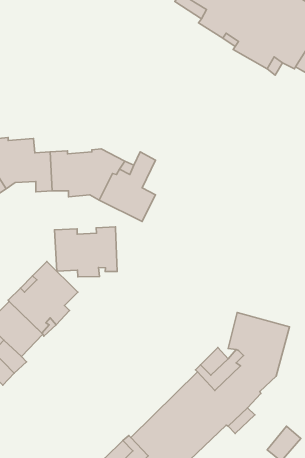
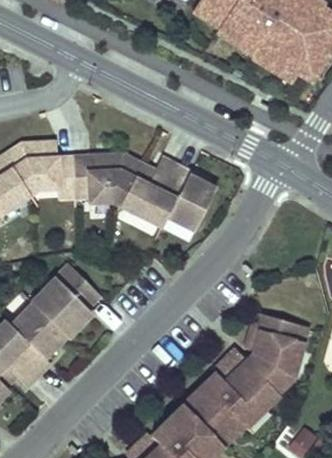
building: none -> [163,165,216,229]
building: [55,227,117,277] -> none

